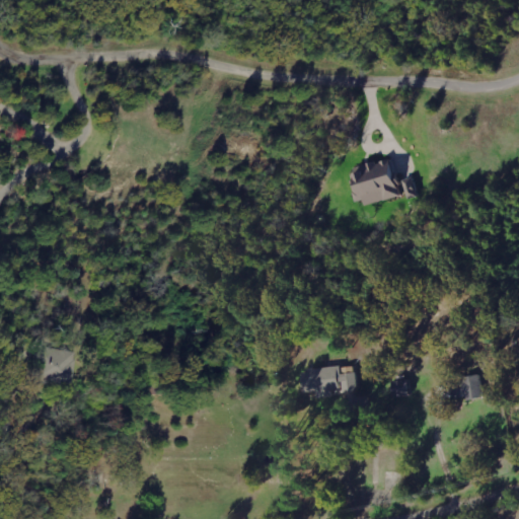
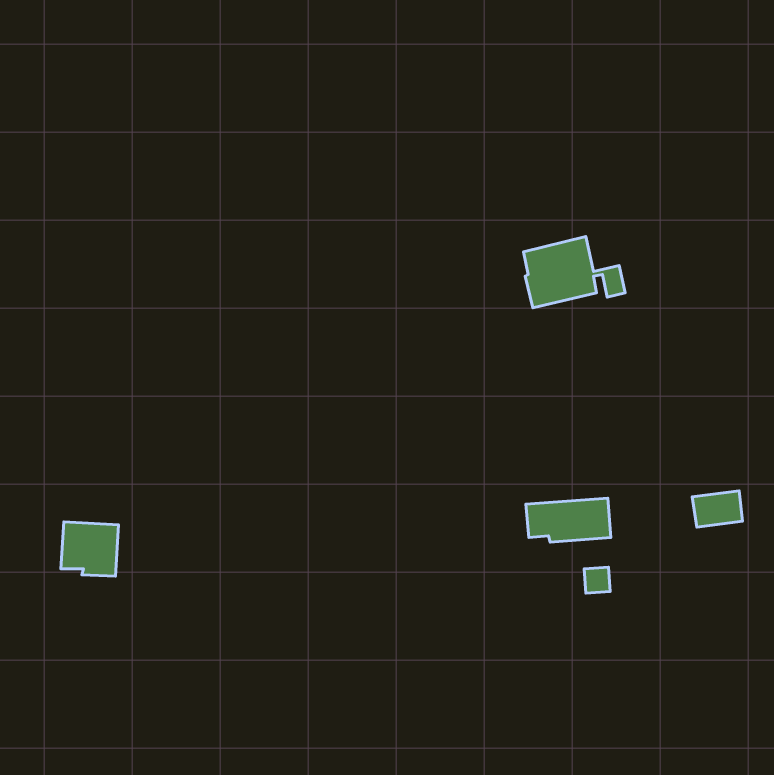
building: [299,366,356,395] -> [526,498,611,542]
building: [448,376,481,400] -> [692,491,742,527]

